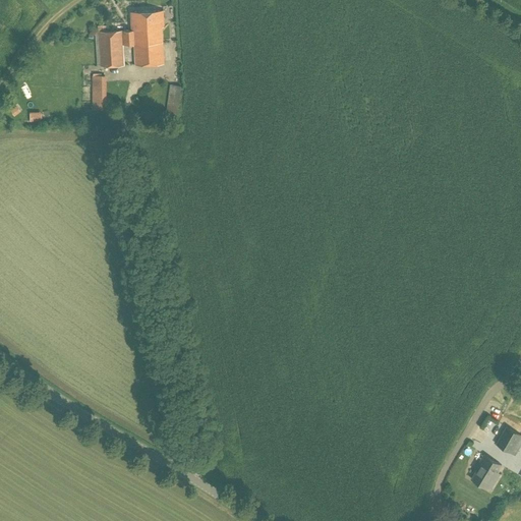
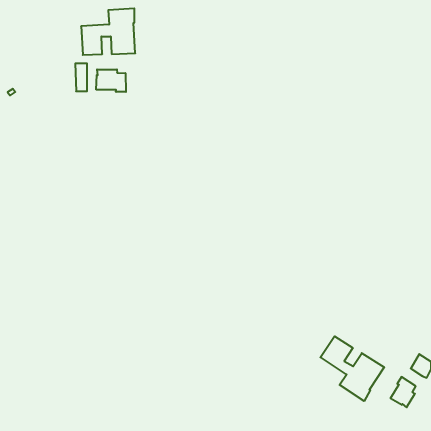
building: none -> [96,69,126,92]
building: none -> [320,336,384,401]

